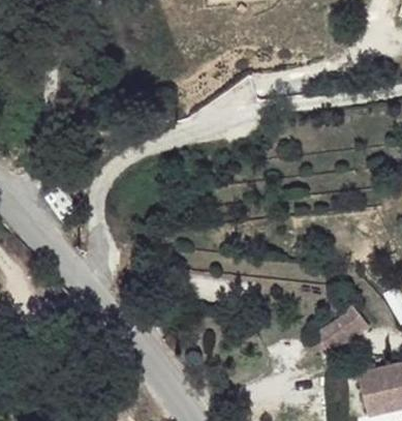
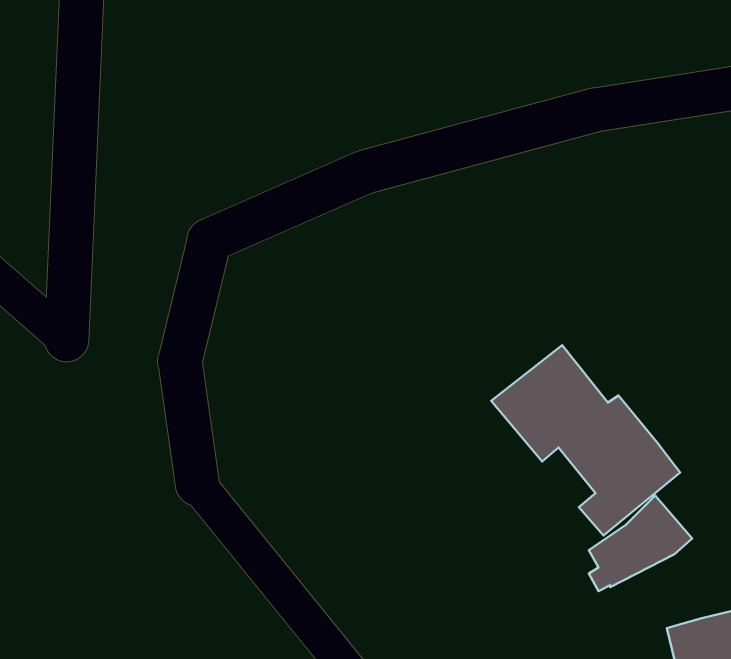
building: none -> [491,345,680,535]

